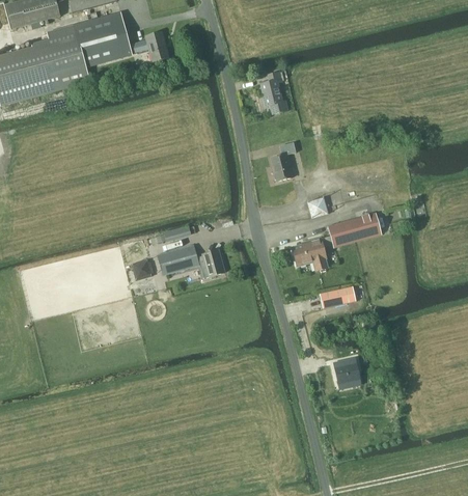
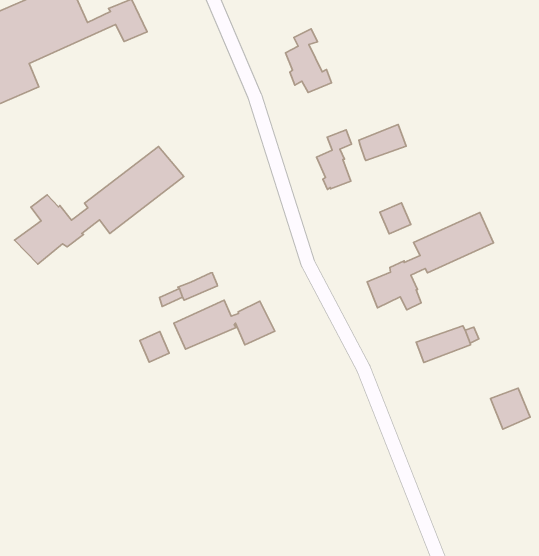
building: none -> [15,146,184,264]
building: none -> [359,124,406,160]
building: [334,358,359,384] -> [491,388,530,429]

